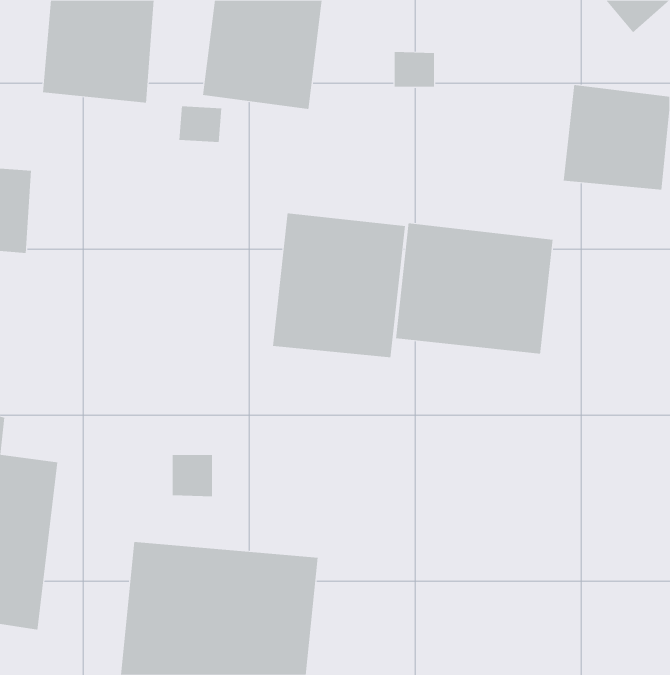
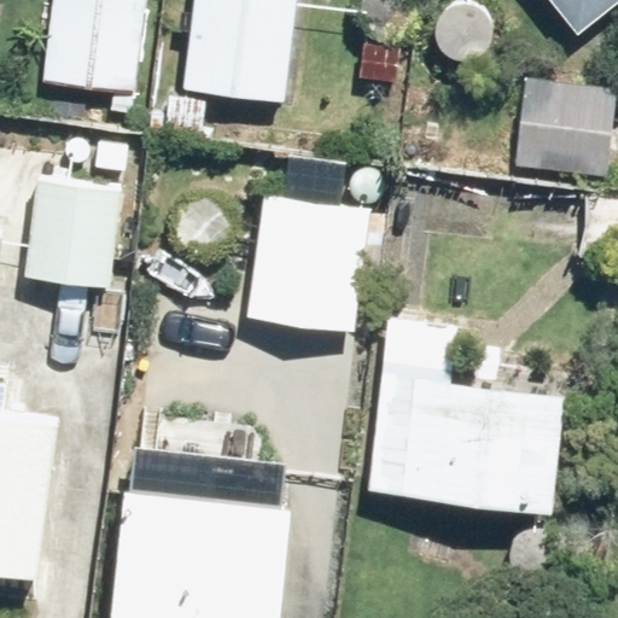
building: none -> [27,179,116,286]
building: [396,223,553,355] -> none
building: none -> [369,317,564,509]

